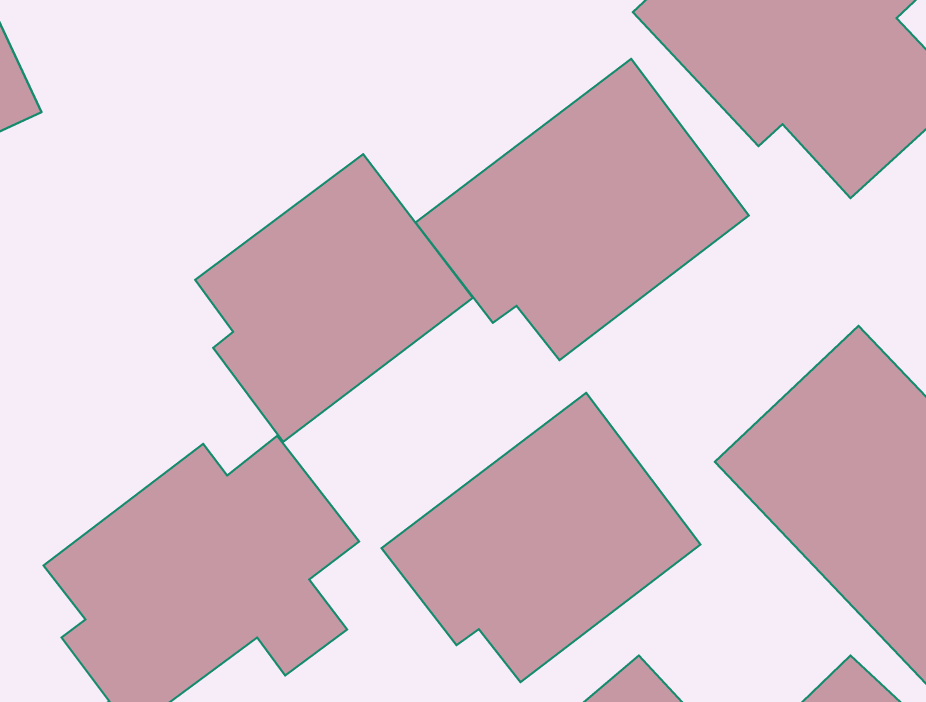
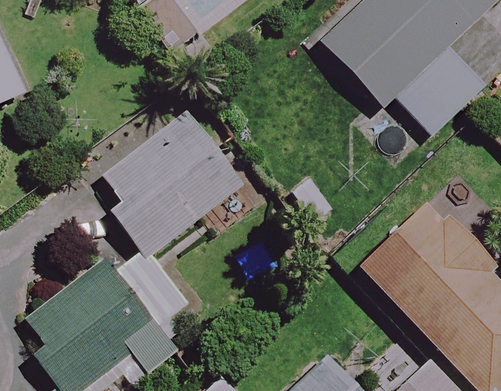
building: [415,59,749,360] -> none
building: [381,393,700,682] -> none

